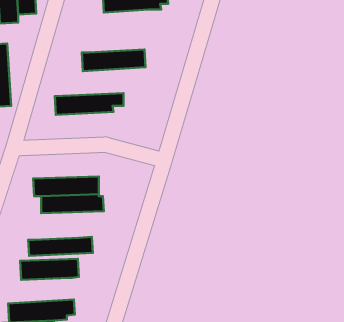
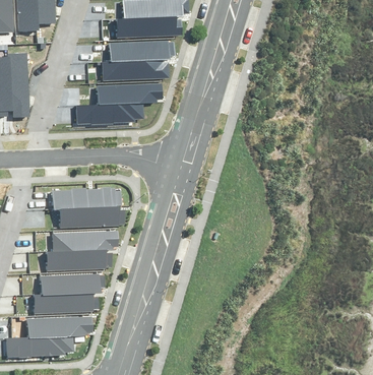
building: none -> [116,17,182,37]
building: none -> [107,39,170,61]
building: none -> [97,81,164,105]
building: none -> [51,229,119,253]
building: none -> [32,292,91,313]

